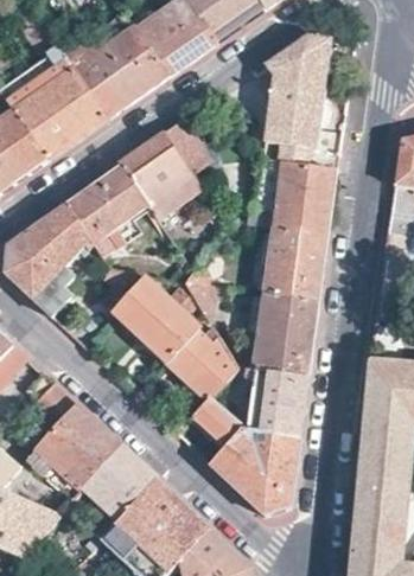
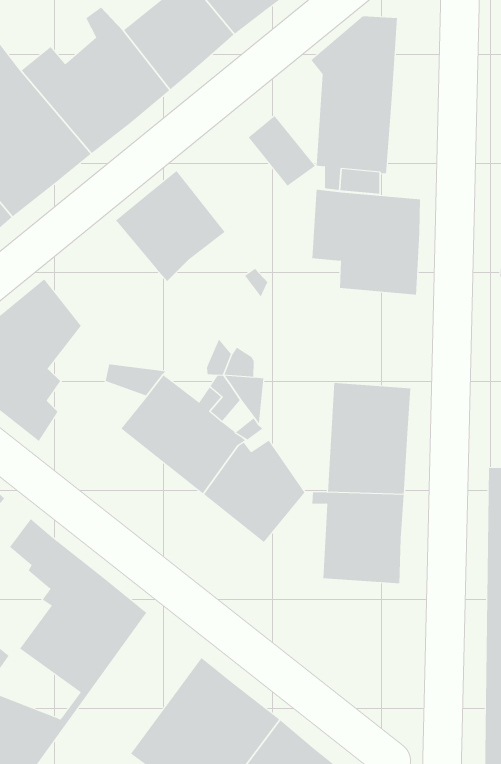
building: [166,119,212,169] -> [248,115,316,186]
building: [66,165,146,255] -> none
building: [265,225,329,300] -> none
building: [191,398,300,513] -> none
building: [83,443,155,532] -> none

